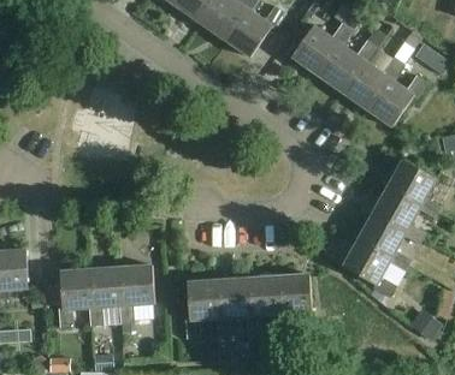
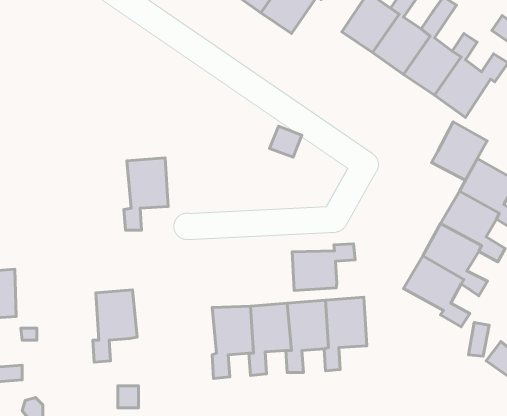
building: none -> [432,122,487,180]
building: none -> [292,244,355,290]
building: [118,264,154,323] -> [124,158,168,230]
building: [43,269,93,328] -> none

